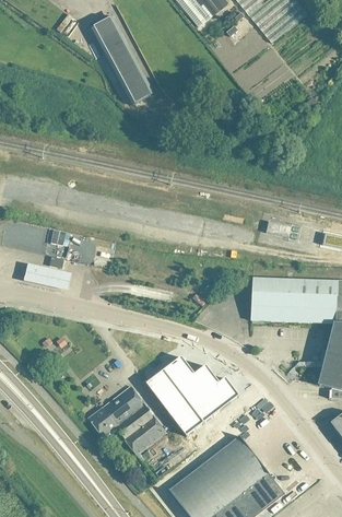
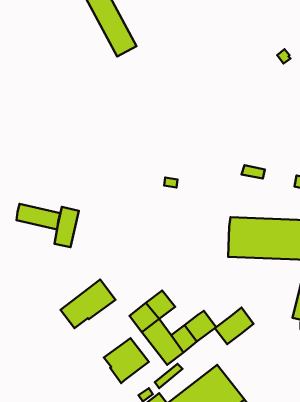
building: none -> [54,207,79,247]
building: [177,364,219,403] -> [215,308,254,344]
building: [87,385,146,437] -> [60,279,115,328]

